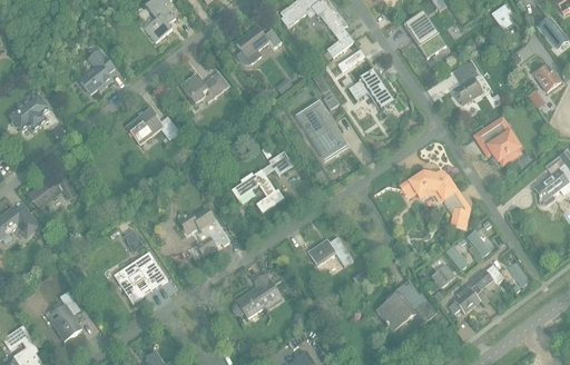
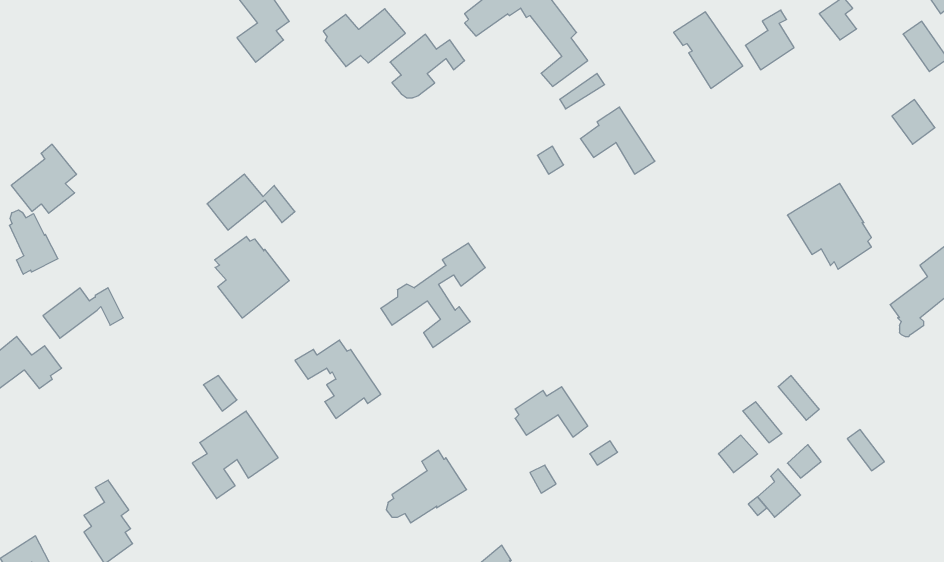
building: [78,49,114,93] -> none
building: [452,69,481,105] -> [745,10,794,70]
building: [179,70,228,105] -> [323,9,405,67]
building: [302,99,348,152] -> none
building: none -> [10,210,58,274]
building: none -> [215,236,289,318]
building: [397,171,465,227] -> none
building: [374,284,435,332] -> none

